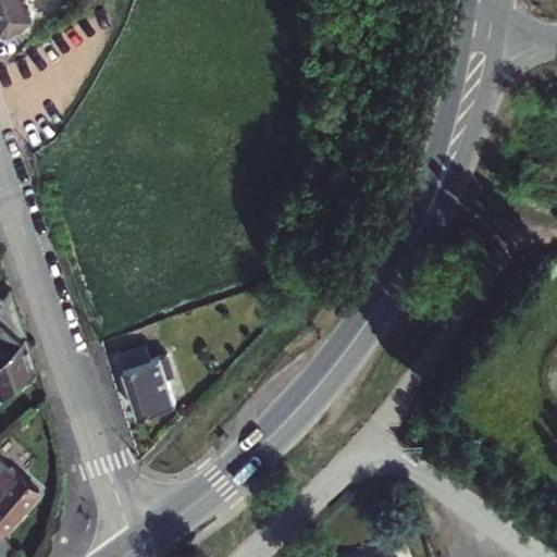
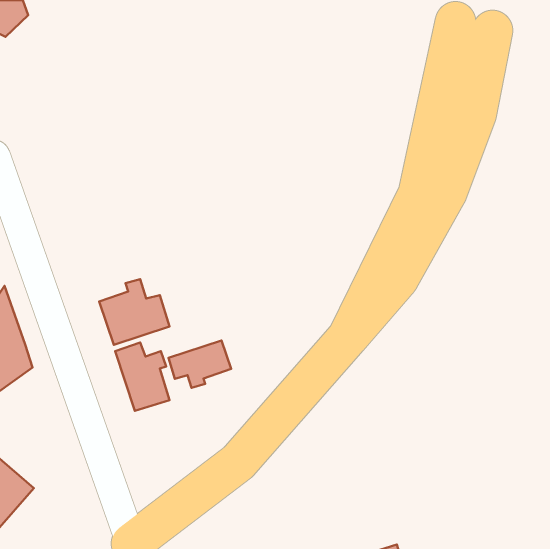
building: none -> [99,279,170,345]
building: none -> [168,341,231,388]

